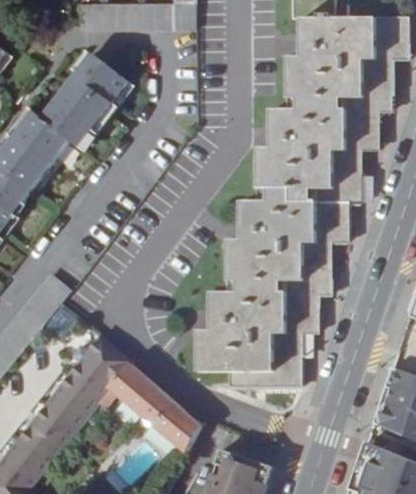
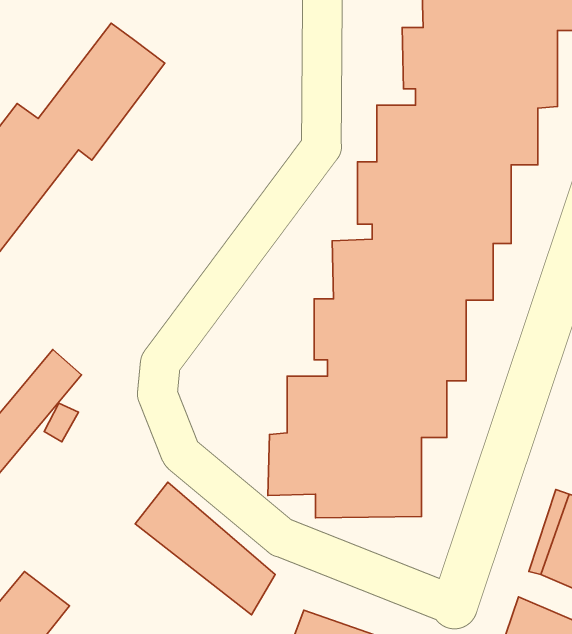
building: [33,336,131,446] -> none

